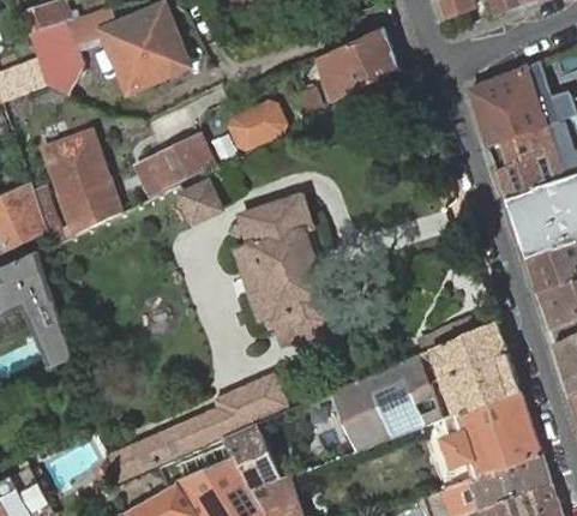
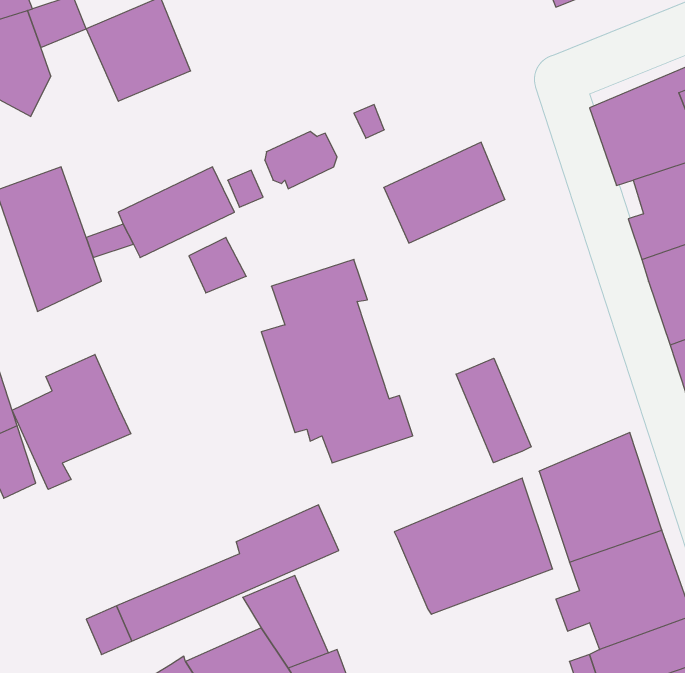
building: [314,28,401,100] -> [384,142,505,243]
building: none -> [12,354,131,489]
building: none -> [456,358,531,463]

